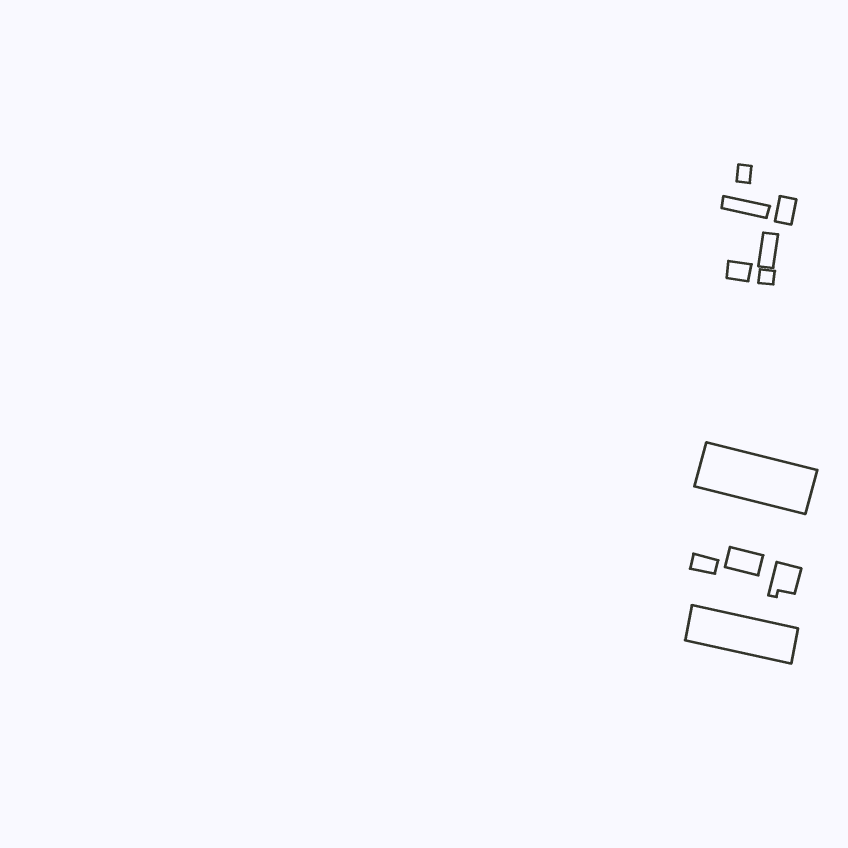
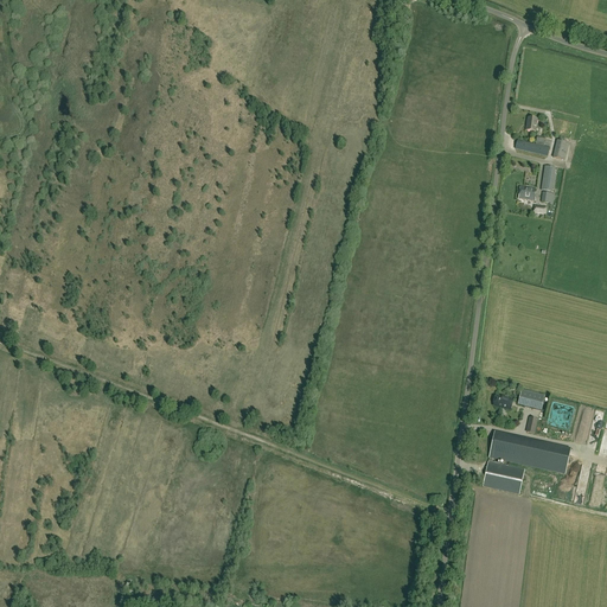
building: [694,442,817,514] -> none
building: none -> [481,461,524,493]

